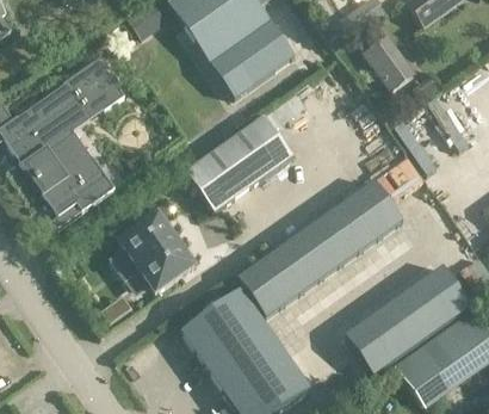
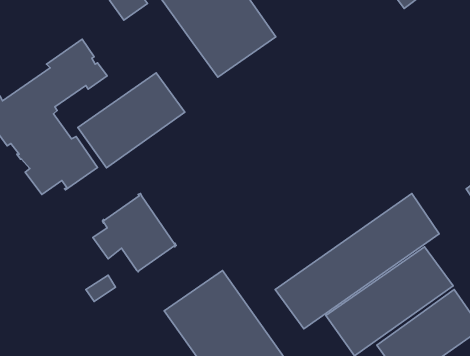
building: [357,29,409,88] -> none
building: [185,117,292,212] -> [78,73,185,168]
building: [236,181,401,317] -> [275,194,439,329]

